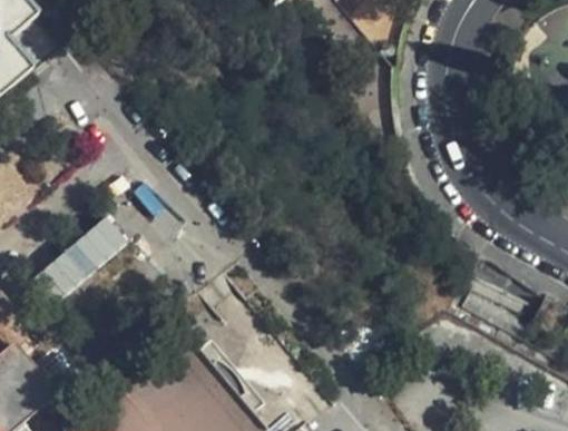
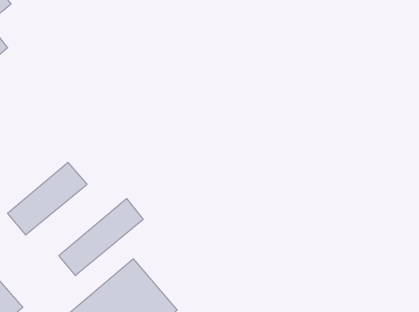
building: none -> [59,199,143,276]

